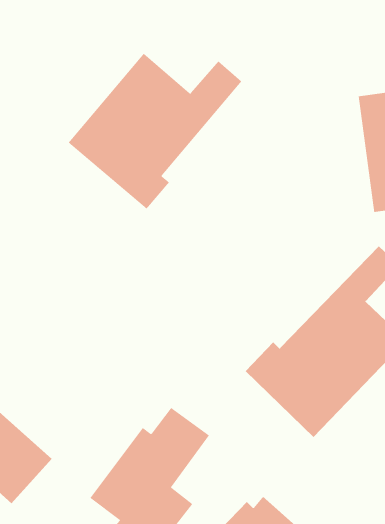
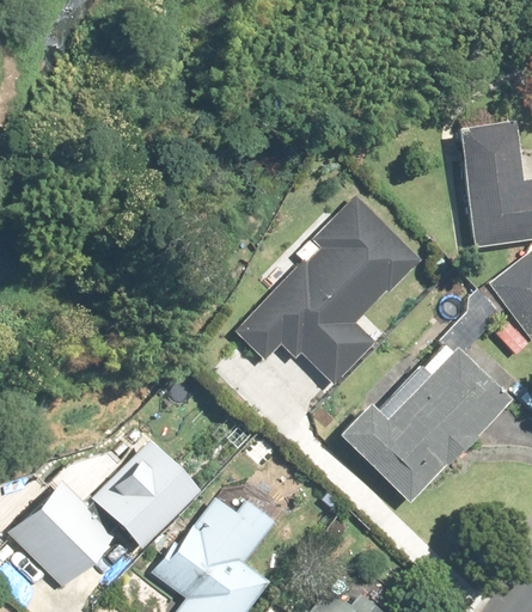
building: [68,53,242,209] -> none
building: none -> [245,196,434,385]
building: none -> [88,442,195,549]

